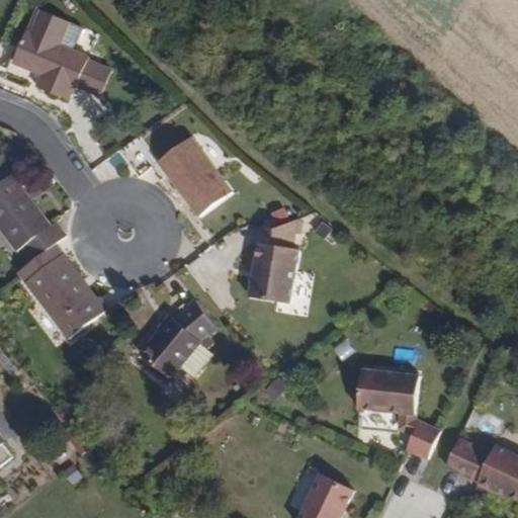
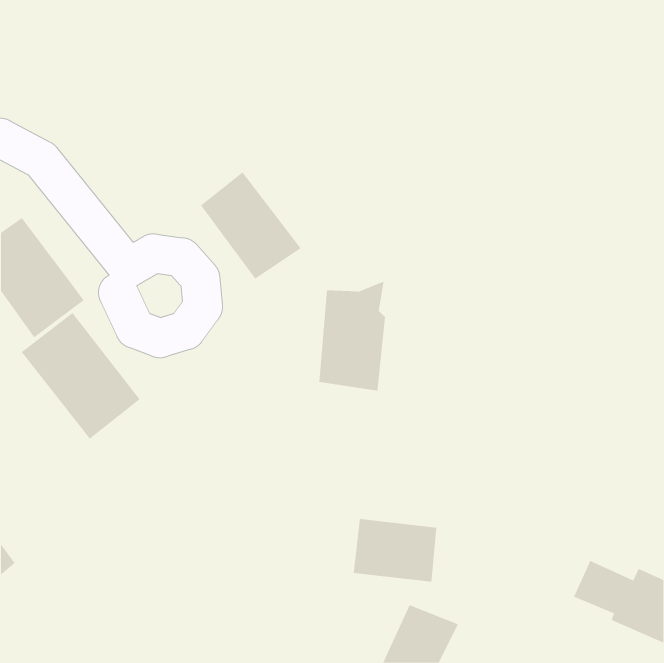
building: [6,8,107,102] -> none
building: [136,295,214,377] -> none
building: [355,365,421,415] -> [353,518,437,582]
building: [405,419,442,459] -> none

